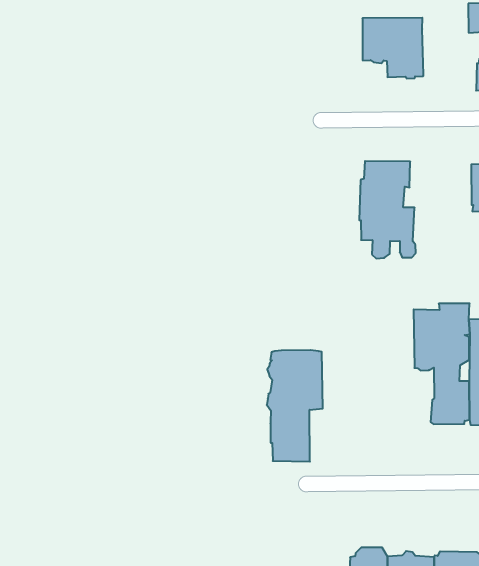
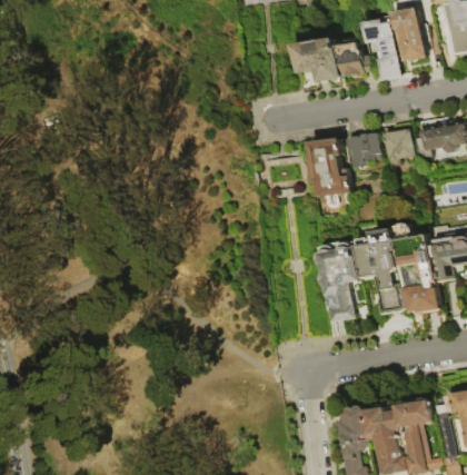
building: none -> [334,41,369,76]
building: none -> [345,131,380,167]
building: [267,350,323,462] -> [317,240,359,320]

